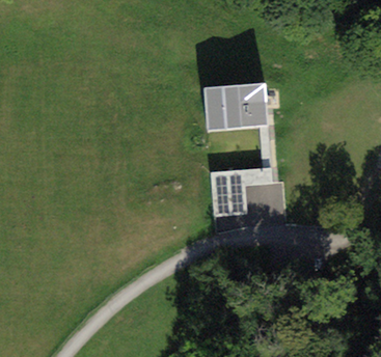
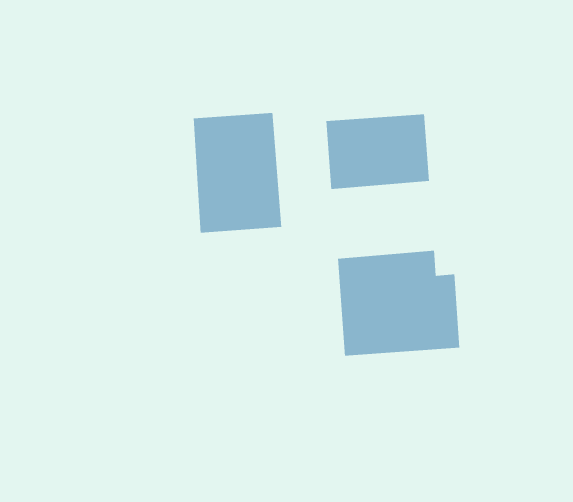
building: none -> [193,112,282,234]

